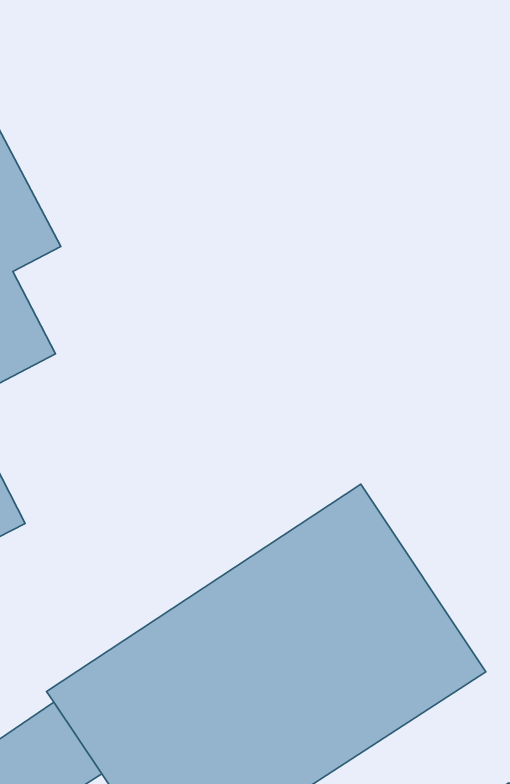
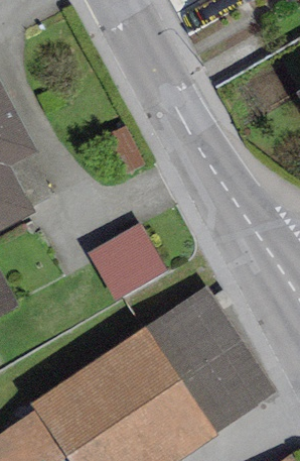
building: none -> [87,222,167,302]

